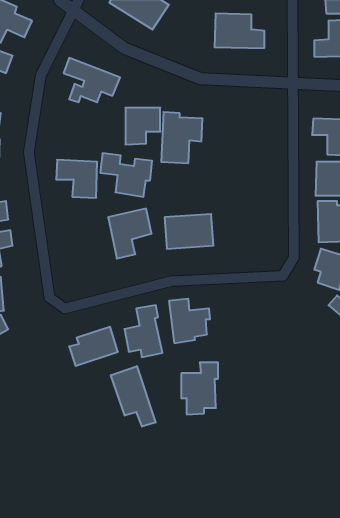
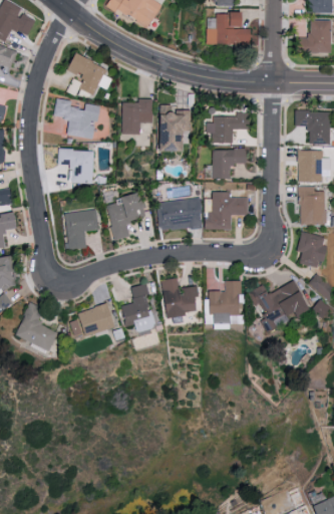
building: none -> [206,111,248,143]
building: [100,153,152,197] -> [53,98,101,139]
building: none -> [212,149,246,178]
building: none -> [209,192,249,230]
building: none -> [63,210,98,250]
building: none -> [251,281,309,331]
building: none -> [15,302,58,351]
building: [181,362,218,414] -> [208,281,242,329]
building: [111,366,156,427] -> none

